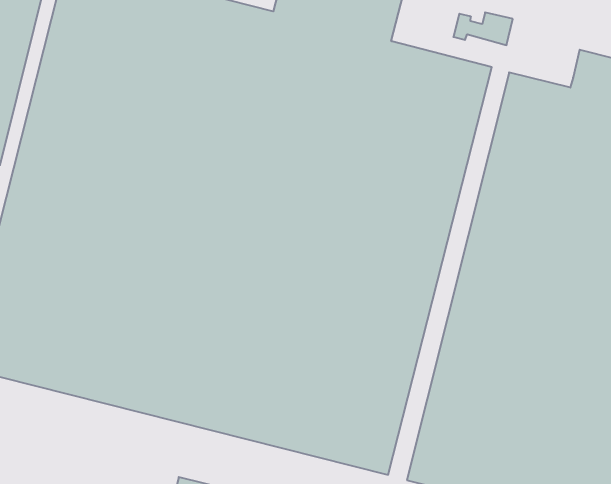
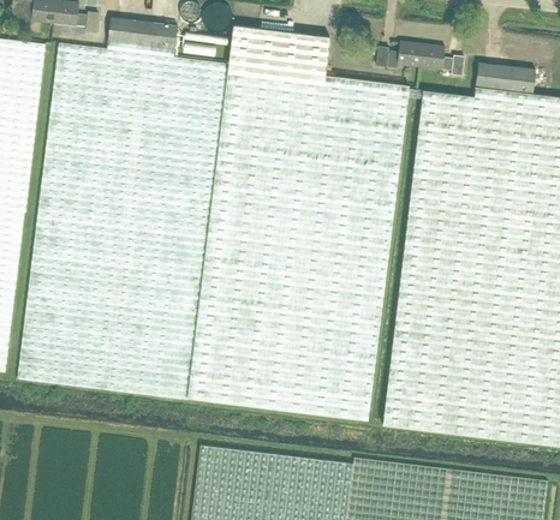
building: none -> [418,44,464,76]

